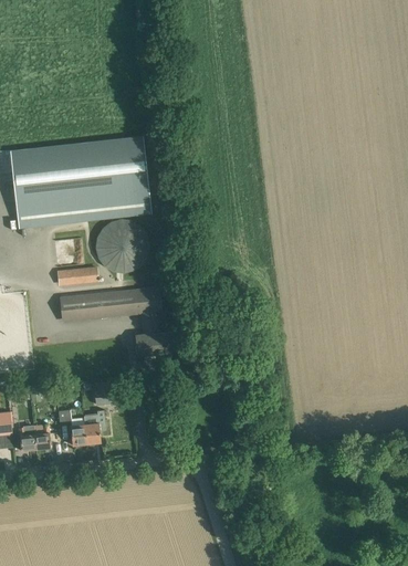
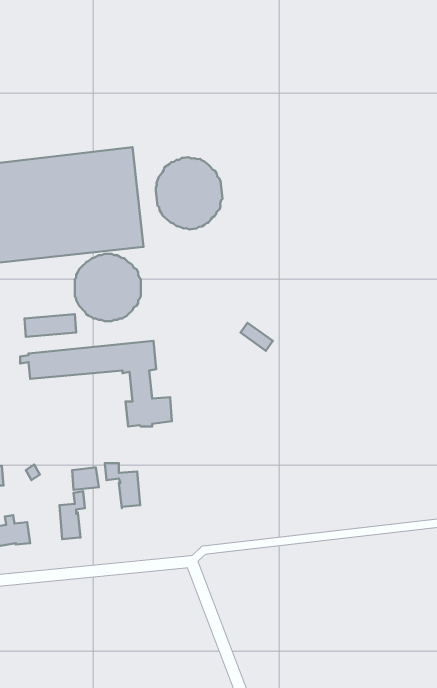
building: none -> [156,157,222,229]
building: [59,410,86,446] -> [105,463,140,508]

